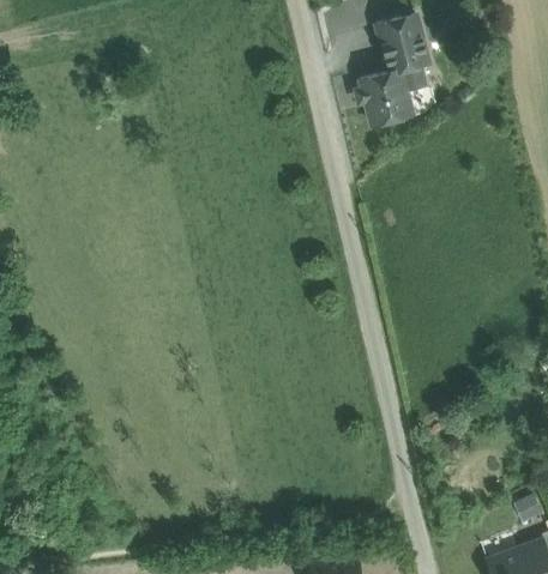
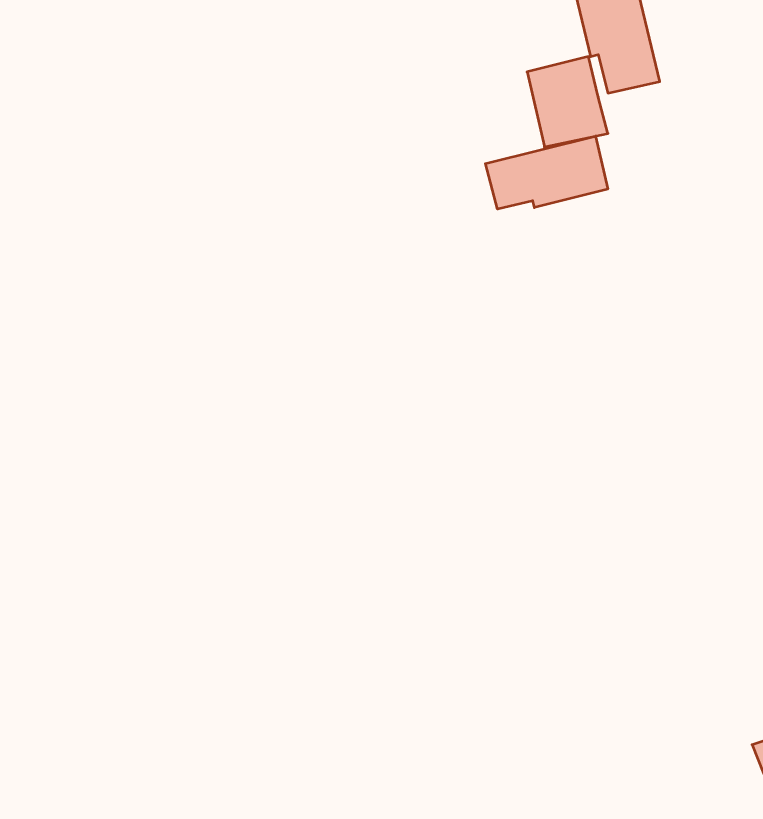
building: none -> [485,136,608,209]

